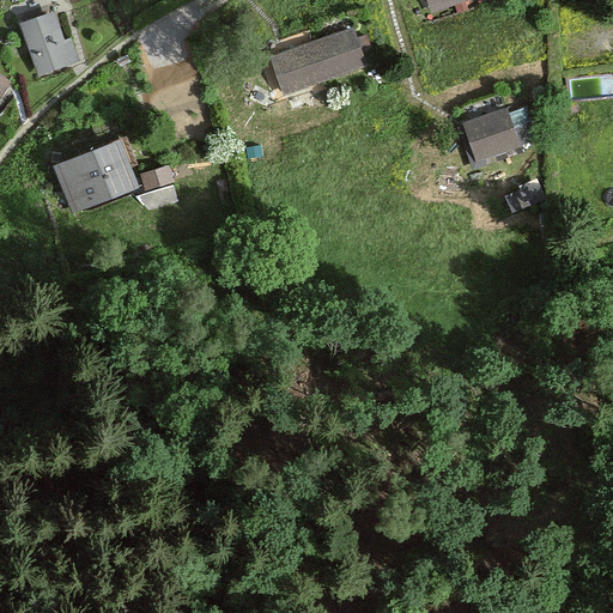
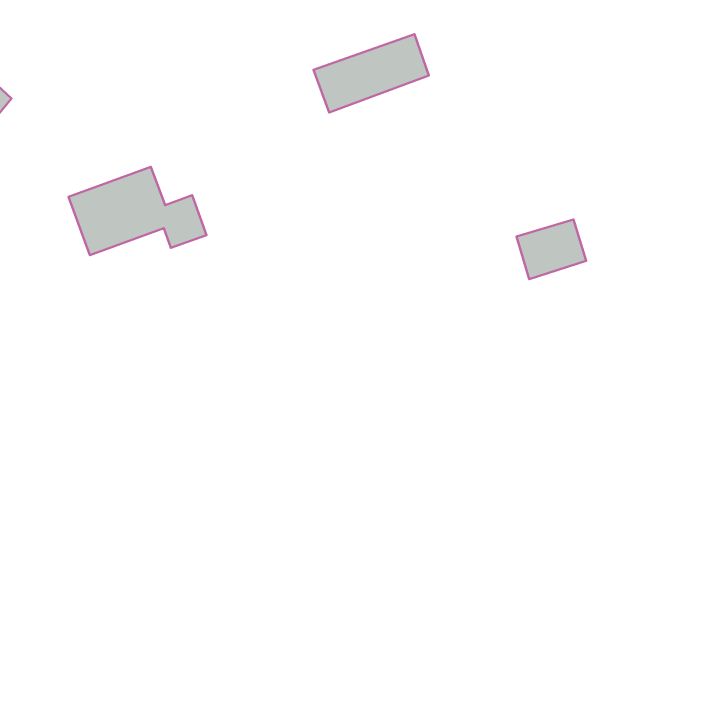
building: [20,11,78,73] -> none
building: [459,110,517,160] -> [516,219,586,279]

